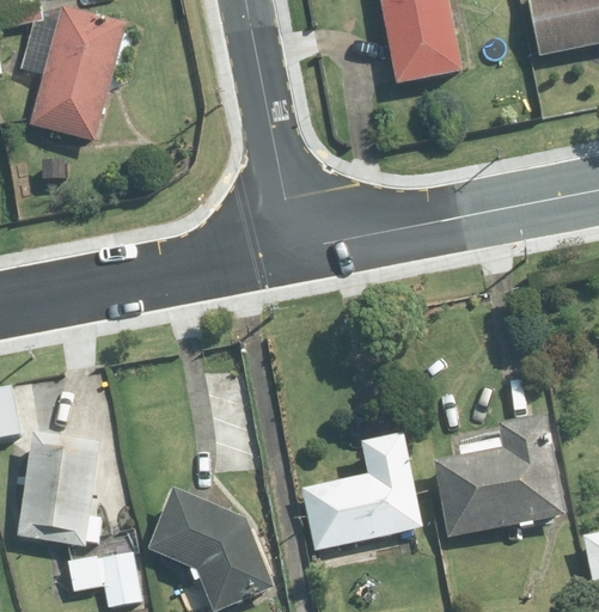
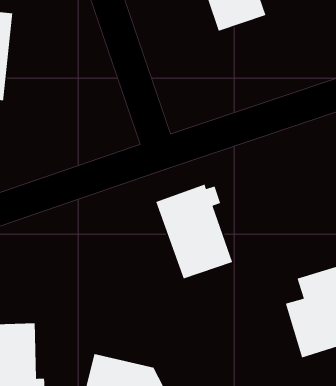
building: none -> [155,184,233,280]
building: [300,433,422,550] -> none

